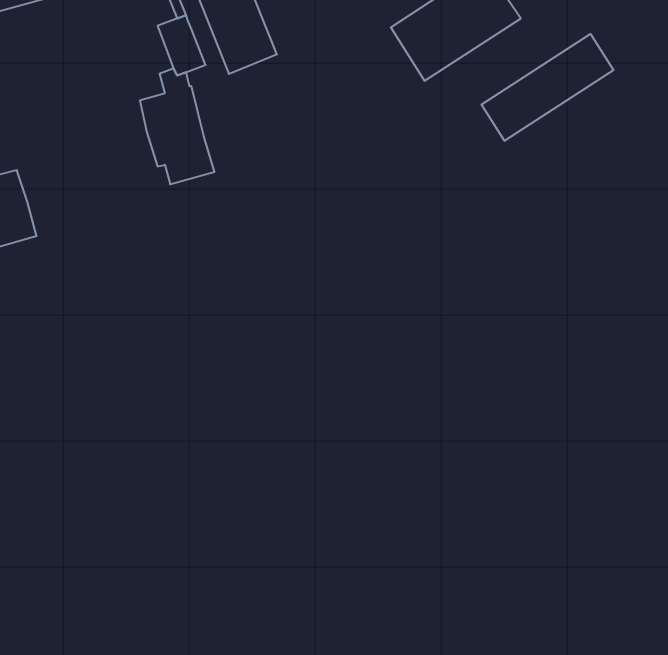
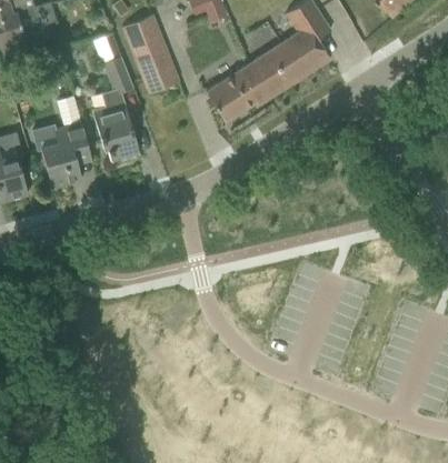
building: none -> [206,63,270,120]
building: [481,34,613,141] -> none
building: none -> [30,121,91,187]

